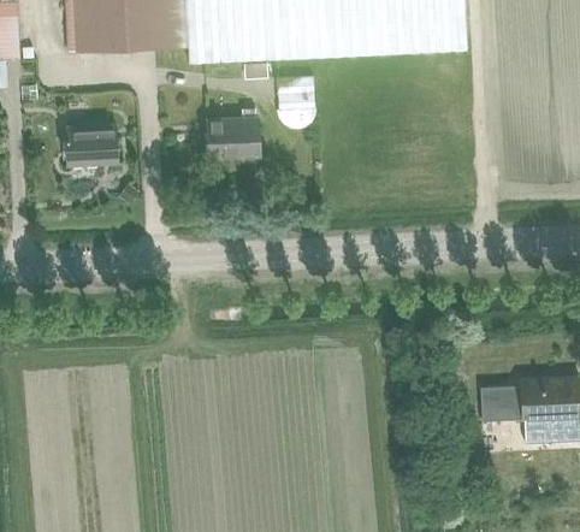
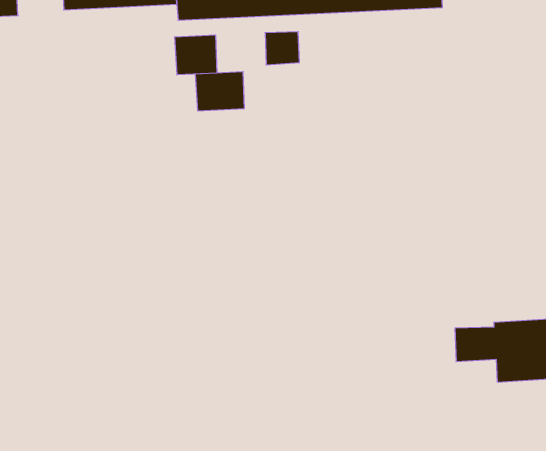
building: none -> [175,35,217,75]
building: [65,124,118,165] -> none

